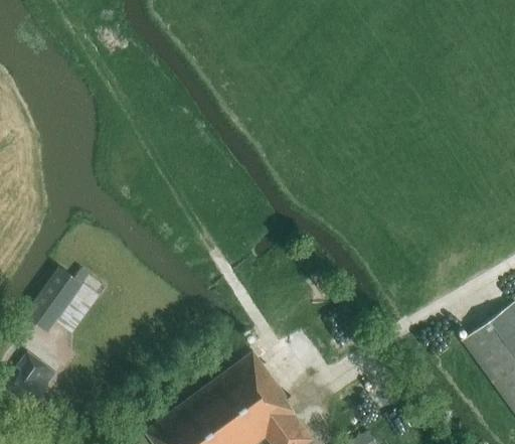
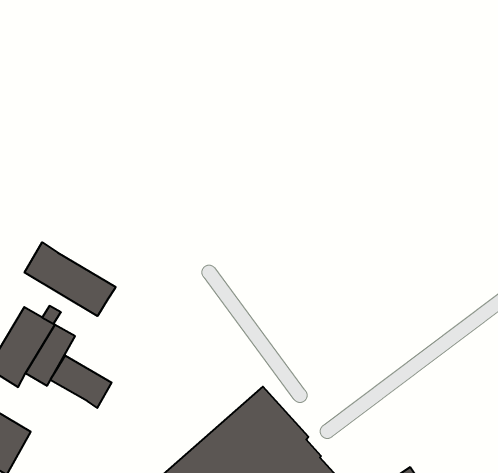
building: none -> [25,242,116,316]
building: none -> [50,356,112,408]

